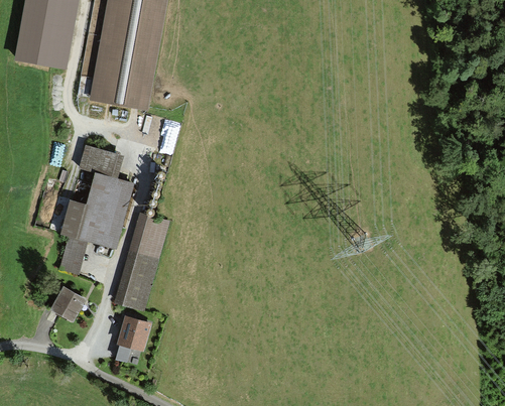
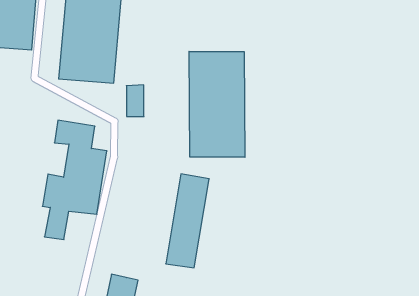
building: none -> [189,51,245,157]
building: [114,212,168,311] -> [166,174,209,268]
building: [50,285,85,320] -> none

